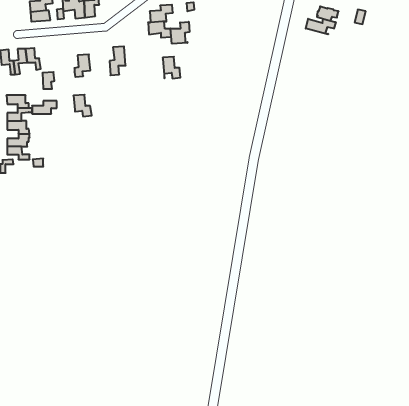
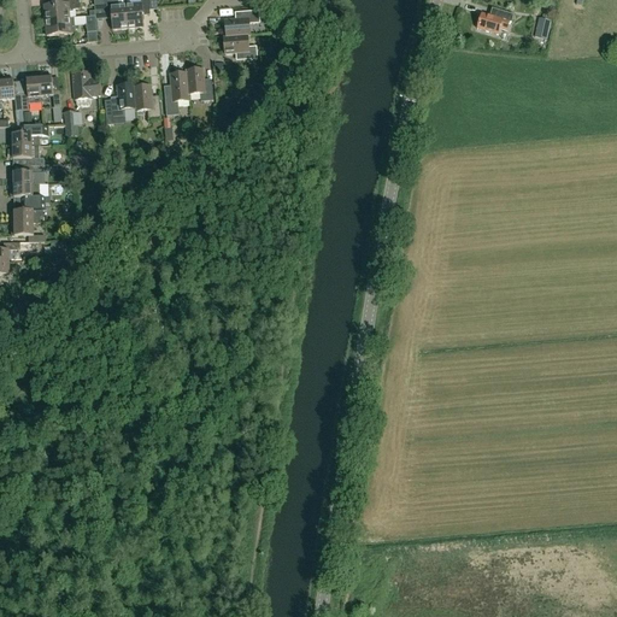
building: [306,19,336,34] -> none
building: [171,22,189,44] -> none
building: none -> [72,69,101,98]
building: [163,57,180,78] -> [187,66,213,99]
building: [73,95,92,116] -> [134,83,161,116]
building: [32,101,57,114] -> [10,124,47,143]

